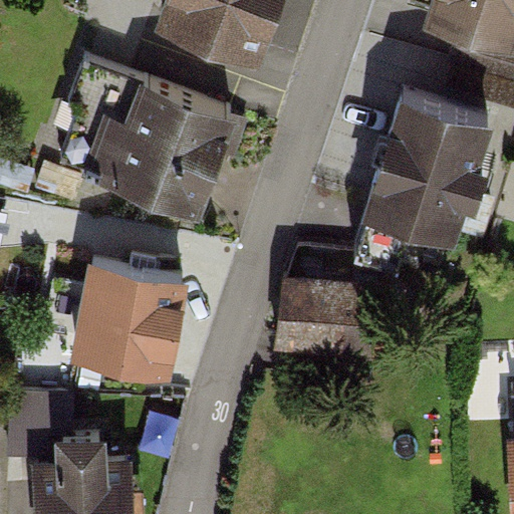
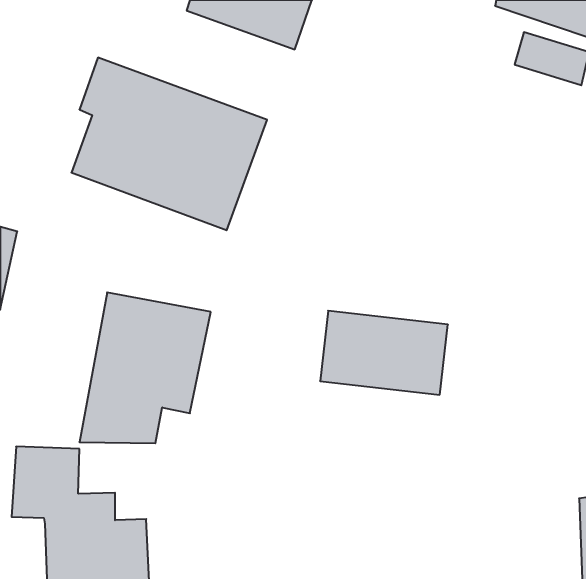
building: [355,96,494,278] -> none

